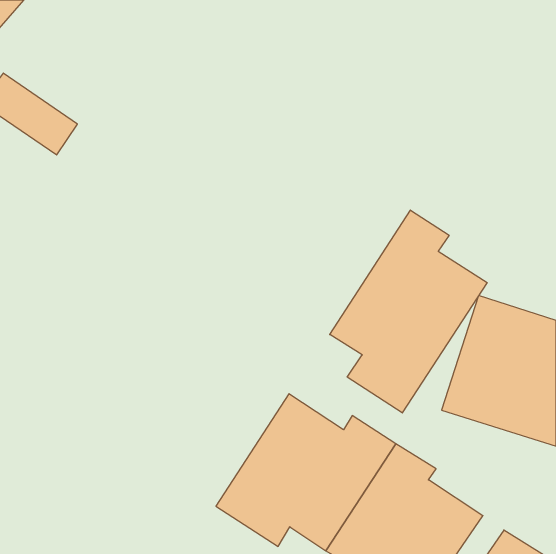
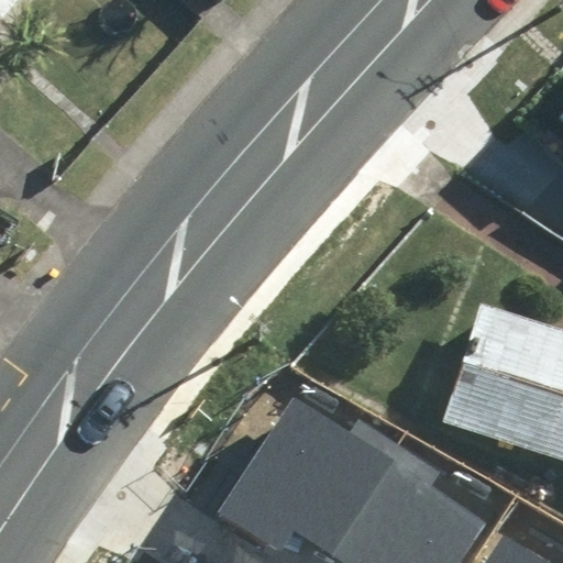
building: [330,210,487,413] -> none

